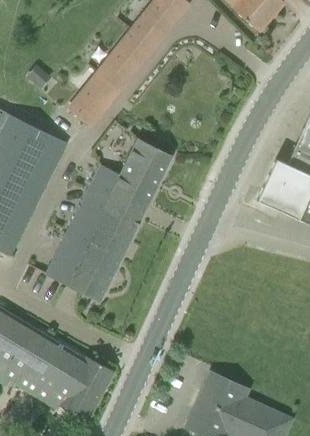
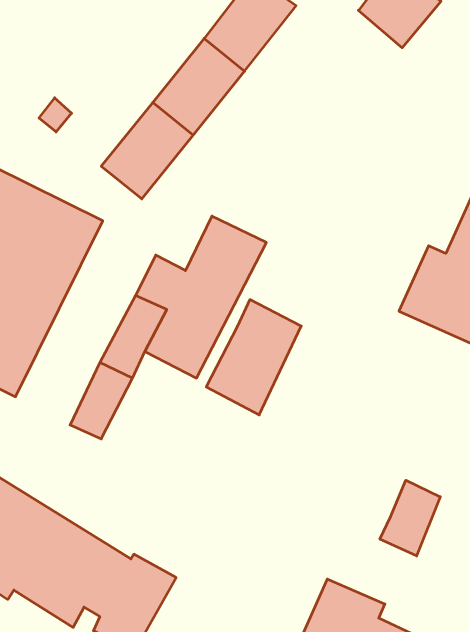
building: [66,226,127,300] -> [206,300,301,415]
building: none -> [380,480,440,556]

